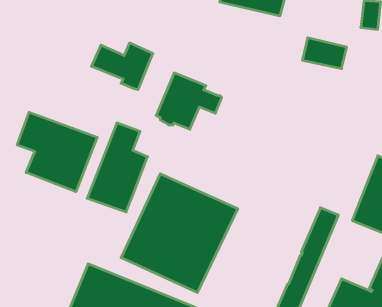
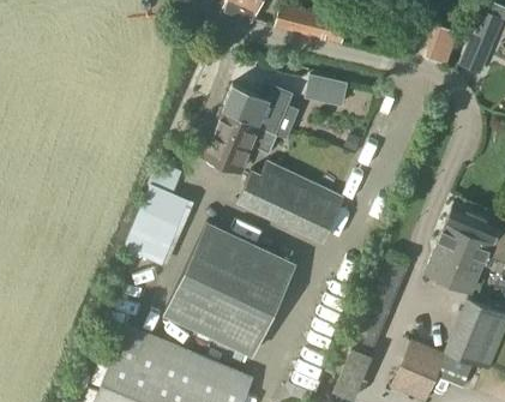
building: [302,38,347,69] -> [297,72,348,107]
building: [91,43,153,90] -> [223,82,293,134]
building: [17,112,97,192] -> none
building: none -> [238,161,345,242]

